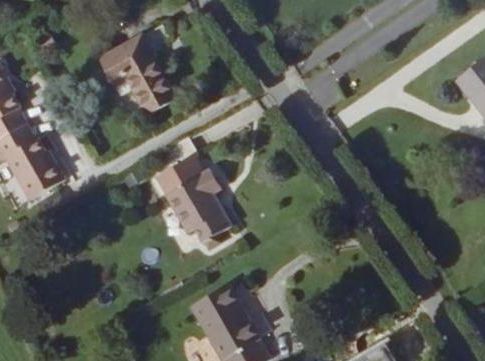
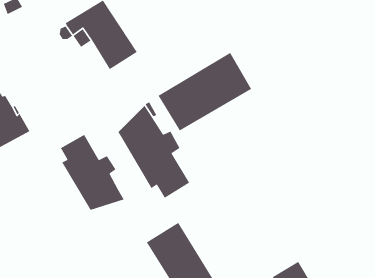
building: none -> [157,52,252,132]
building: none -> [60,134,125,211]

